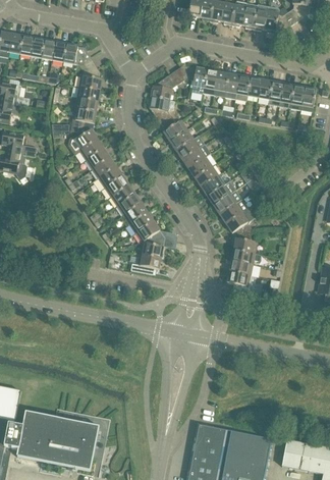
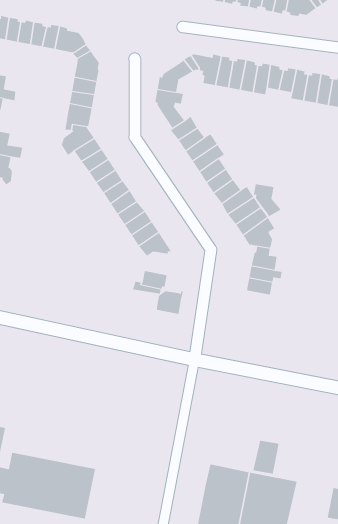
building: none -> [253,183,281,217]
building: [141,237,165,258] -> [156,291,184,314]
building: [227,271,257,295] -> none
building: [281,439,305,469] -> [252,440,279,474]

